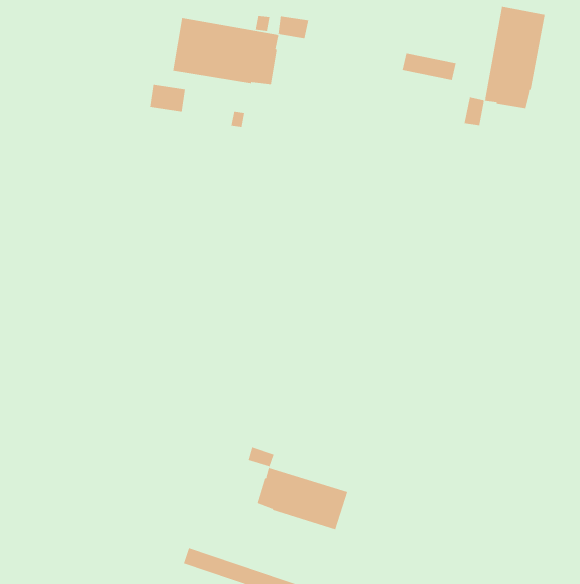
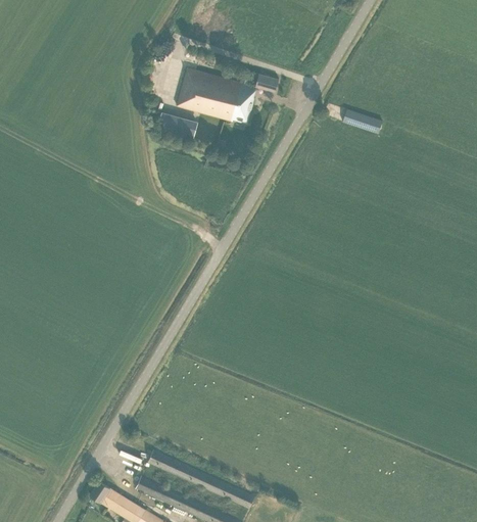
building: [464,6,545,126] -> none
building: [248,447,348,530] -> none

